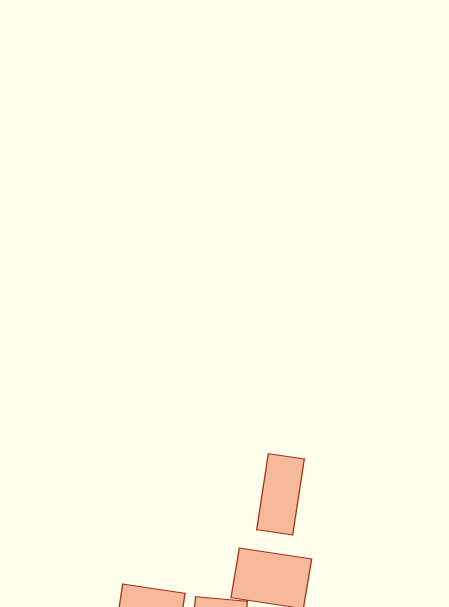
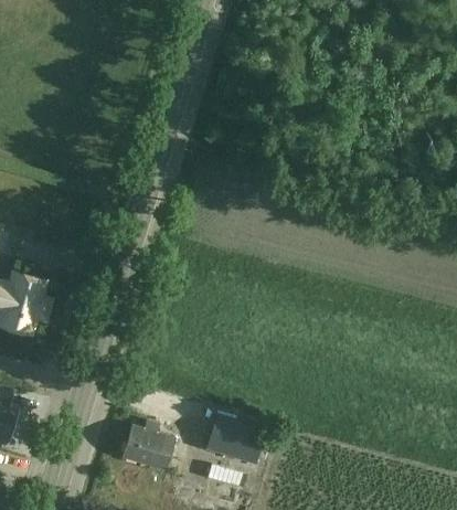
building: [257,454,304,535] -> none

